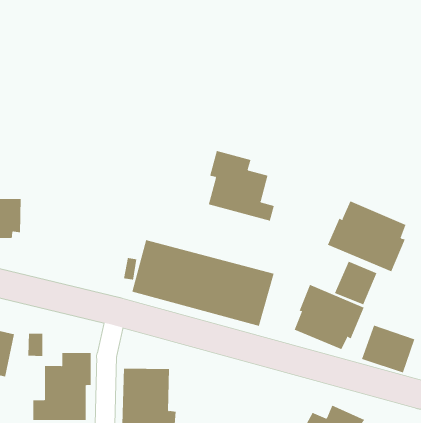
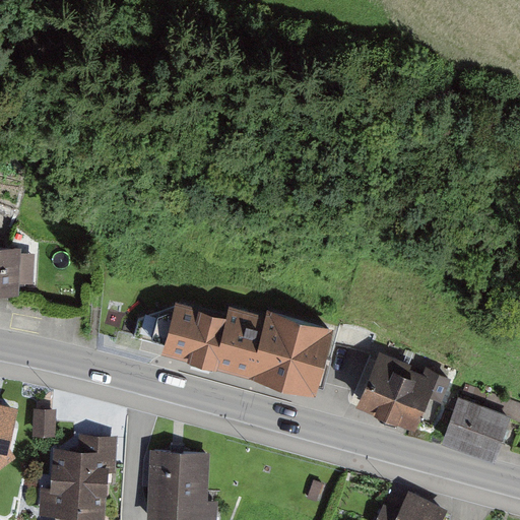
building: [208,150,274,222] -> none
building: [327,200,406,272] -> none
building: [334,261,377,305] -> none

